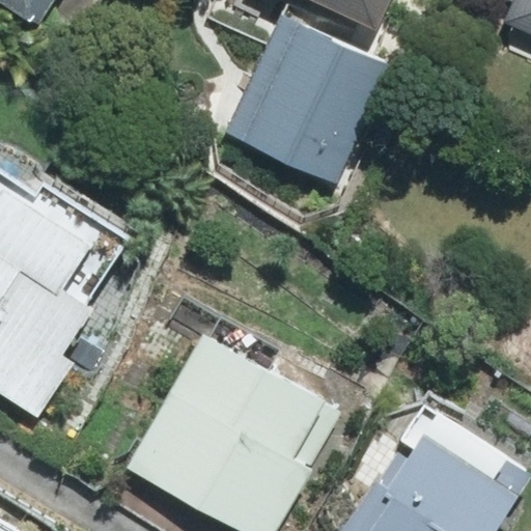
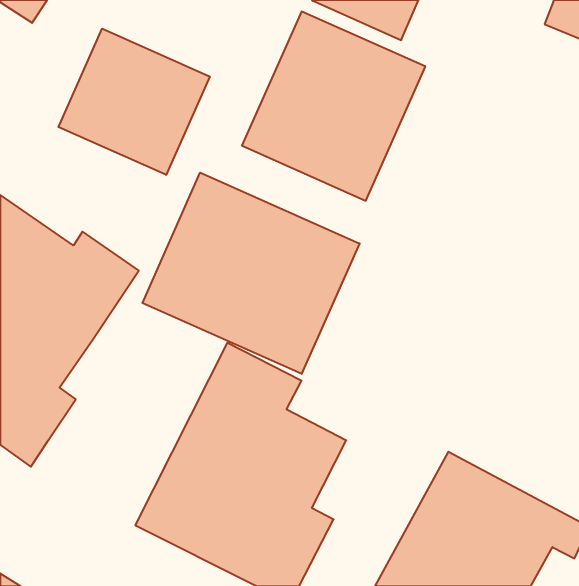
building: none -> [58,29,210,175]
building: none -> [142,173,360,374]

